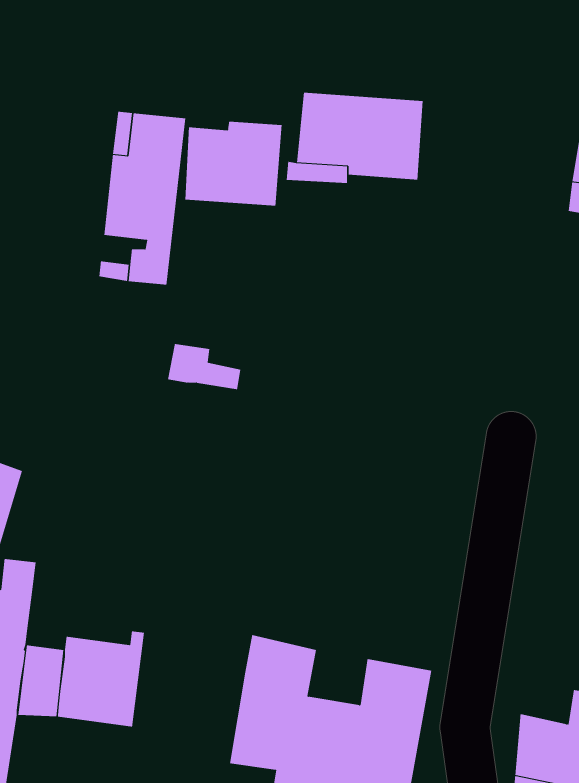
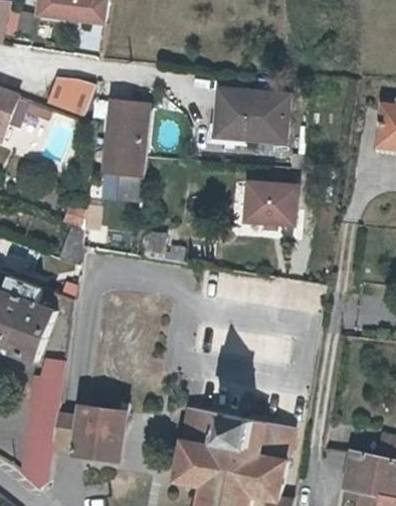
building: none -> [47,75,93,117]
building: [185,121,282,207] -> none
building: none -> [244,180,298,226]
building: none -> [221,412,255,445]

